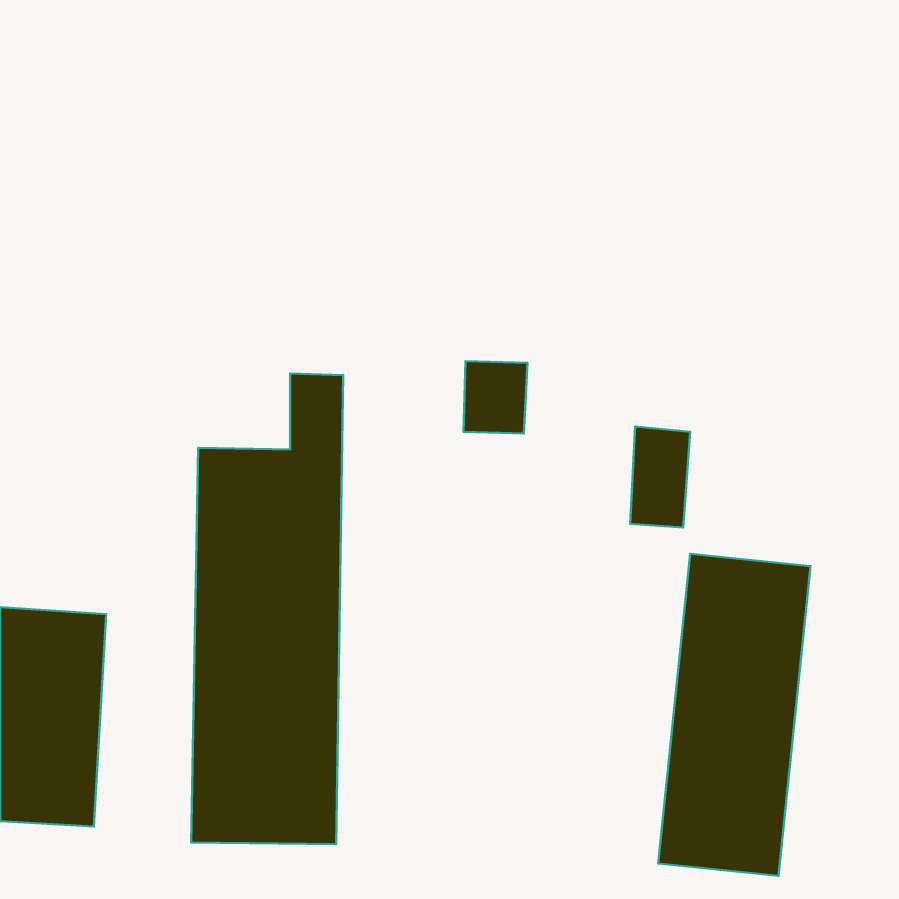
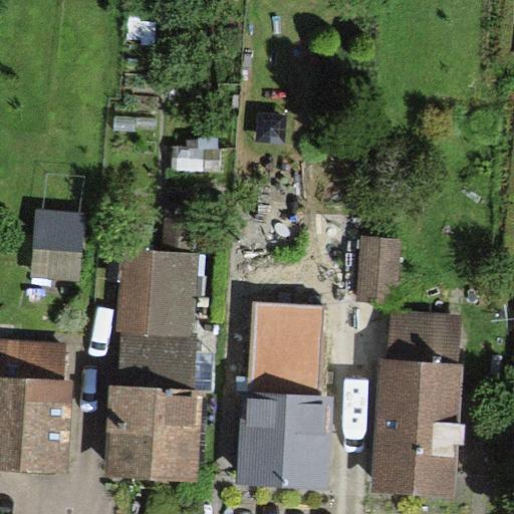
building: none -> [30,212,80,286]
building: none -> [248,279,325,491]

